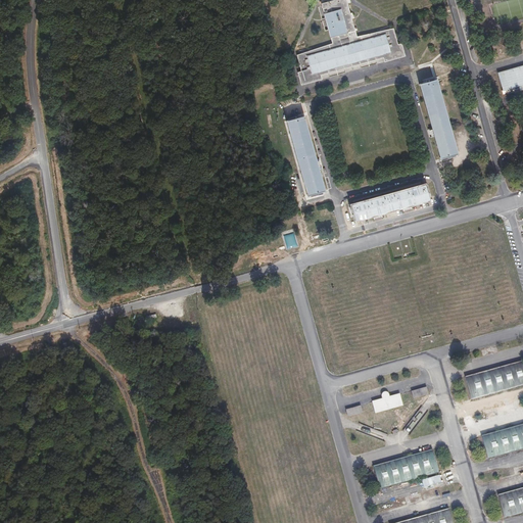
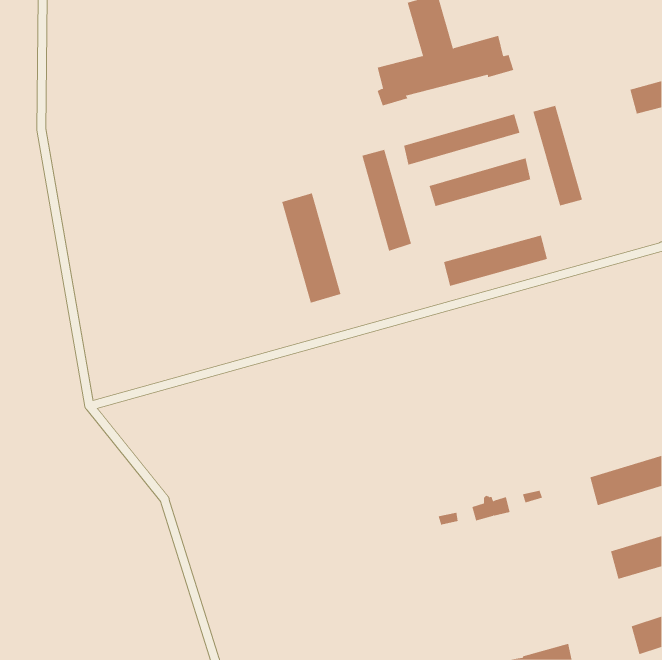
building: none -> [404,114,520,165]
building: none -> [429,158,531,207]
building: none -> [281,192,341,303]
building: [370,448,438,487] -> none

